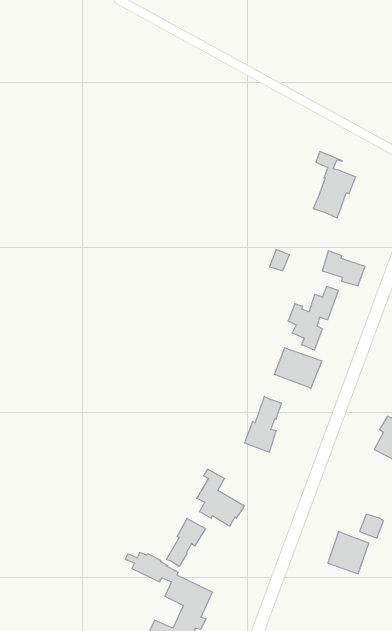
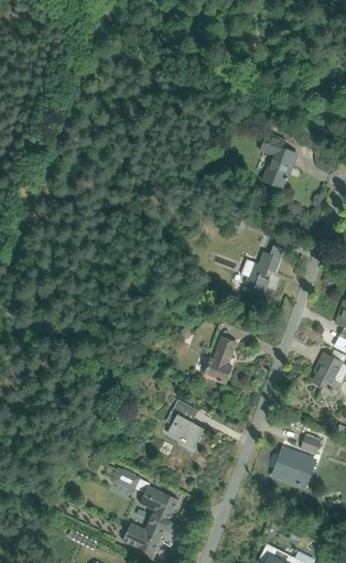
building: [323,251,365,286] -> none
building: [275,348,322,388] -> none
building: [167,518,205,566] -> none

